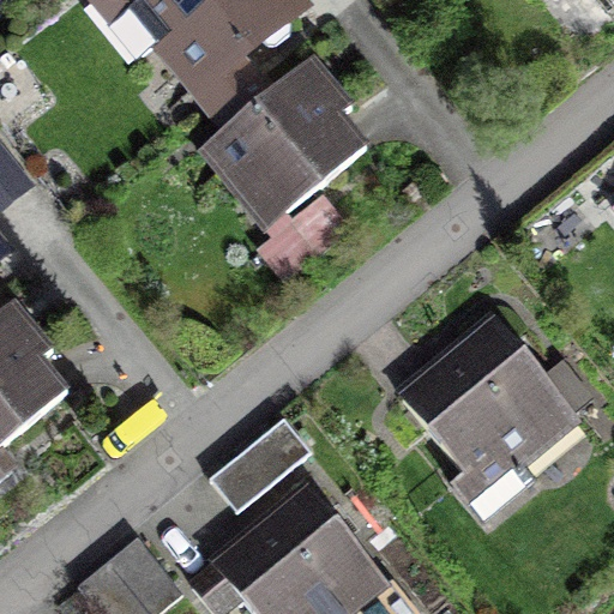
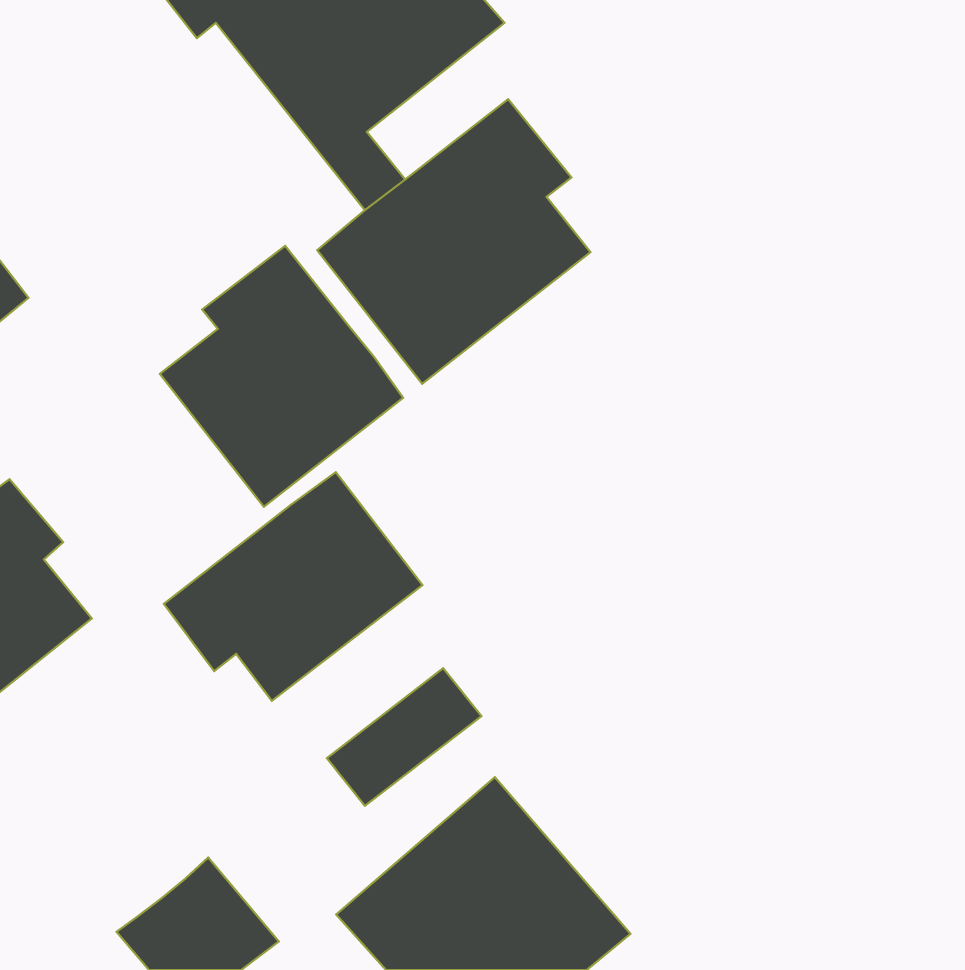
building: none -> [160,246,403,507]
building: none -> [164,472,423,701]
building: [409,317,585,494] -> none

